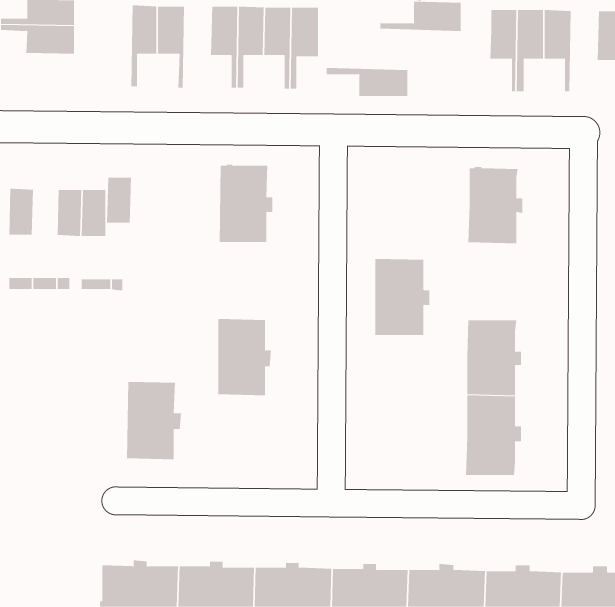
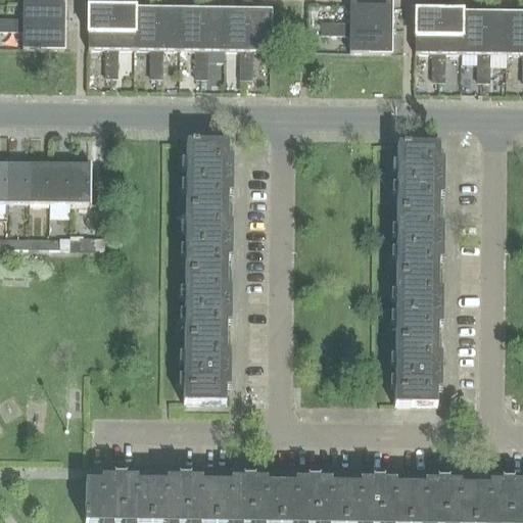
building: none -> [89,4,113,74]
building: none -> [157,5,181,75]
building: none -> [484,9,508,79]
building: [326,67,408,96] -> [323,25,392,49]
building: [106,177,132,223] -> [30,160,51,199]
building: none -> [186,205,232,271]
building: [375,258,430,336] -> [397,205,444,271]
building: [126,381,182,460] -> [185,334,232,400]

